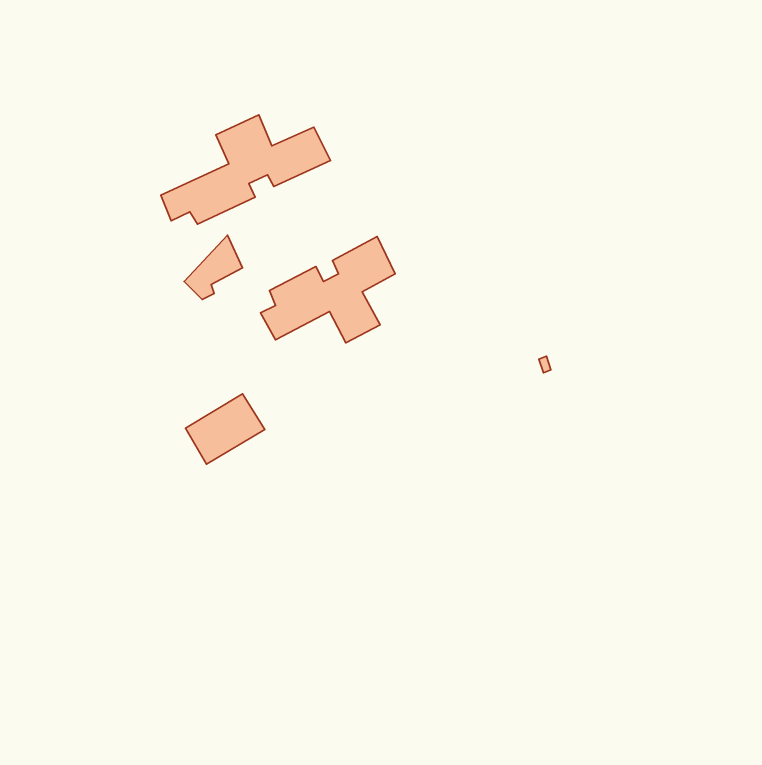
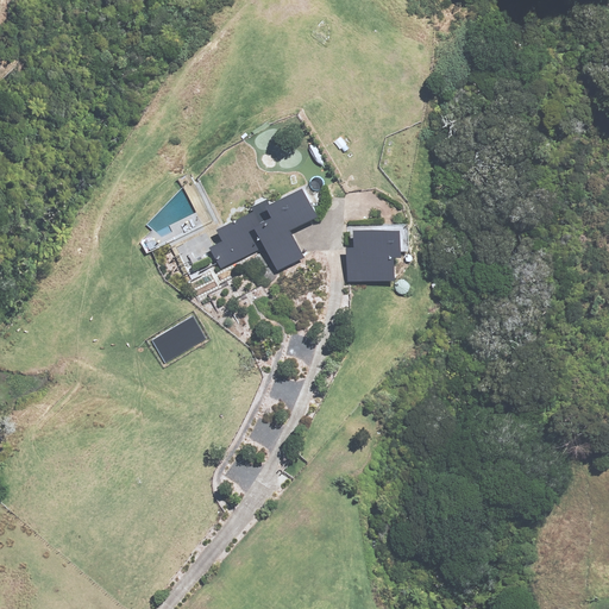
building: [161,115,330,224] -> none
building: none -> [347,227,402,280]

